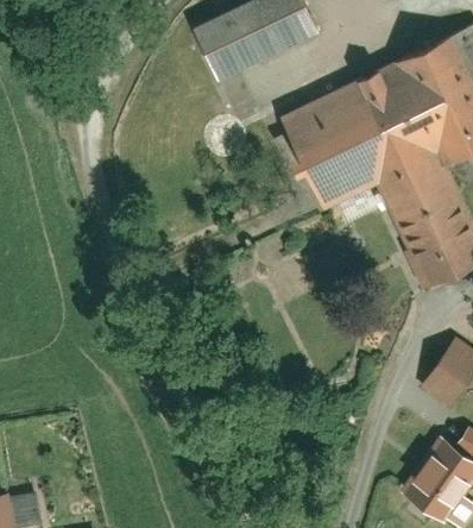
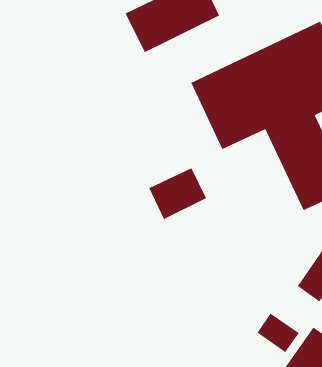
building: none -> [148,167,207,220]
building: none -> [256,313,300,353]

